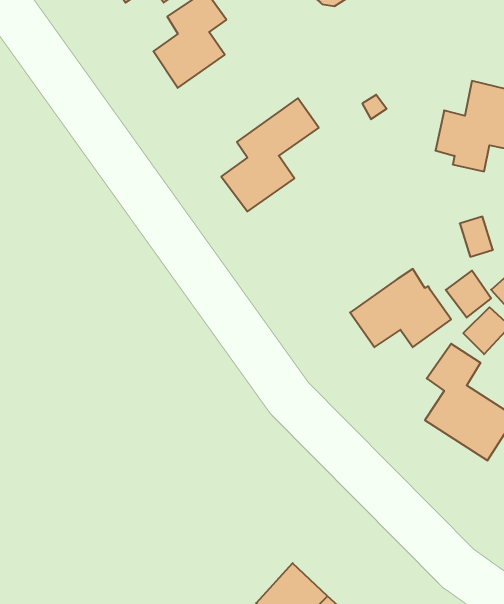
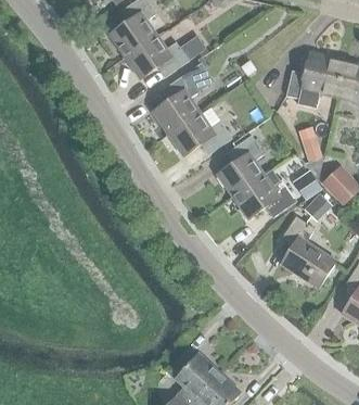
building: none -> [126,36,189,78]
building: none -> [169,113,232,155]
building: none -> [218,136,264,197]

